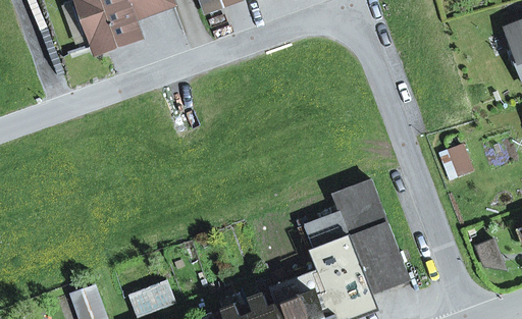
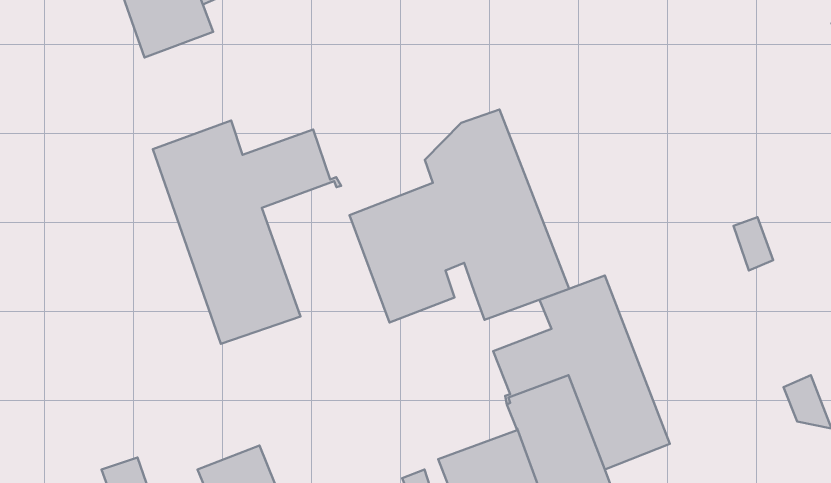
building: none -> [349,109,569,322]
building: none -> [153,120,341,344]

